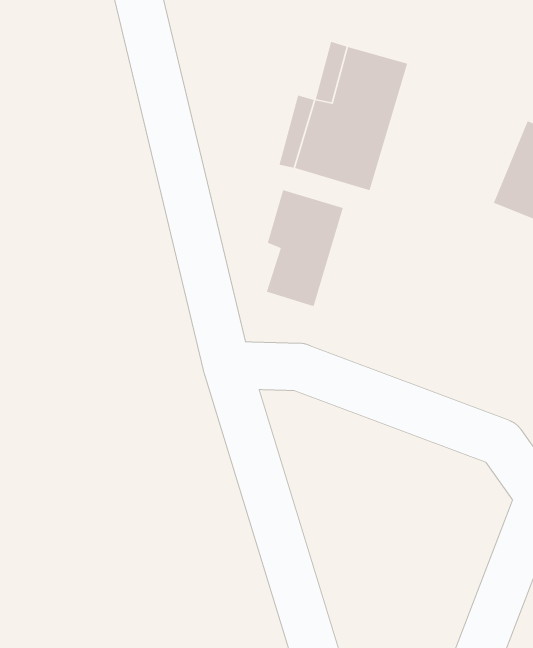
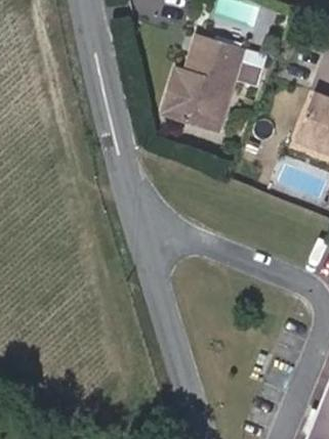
building: [266,189,344,307] -> none

